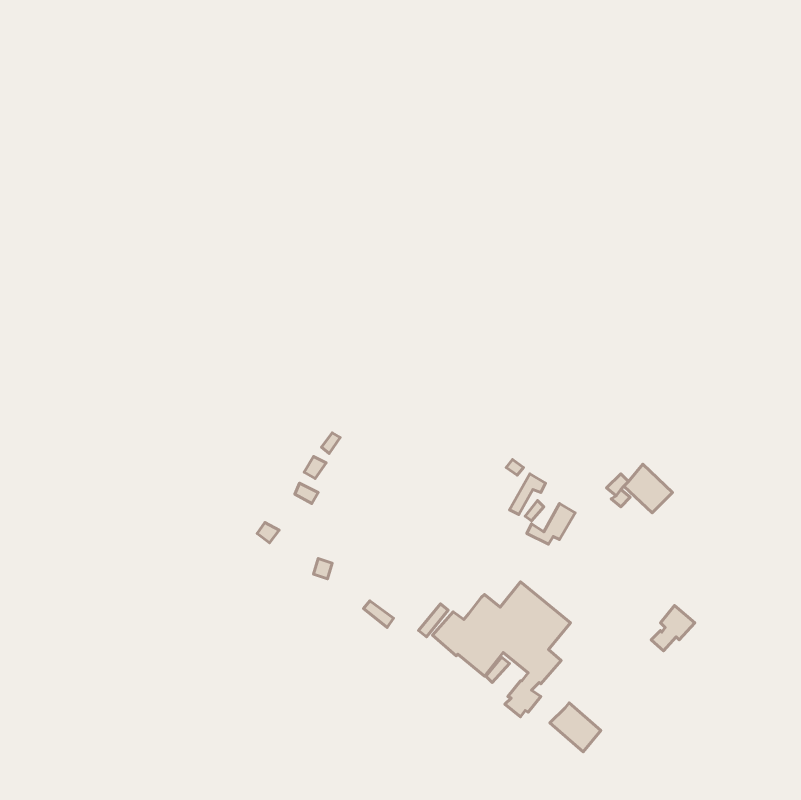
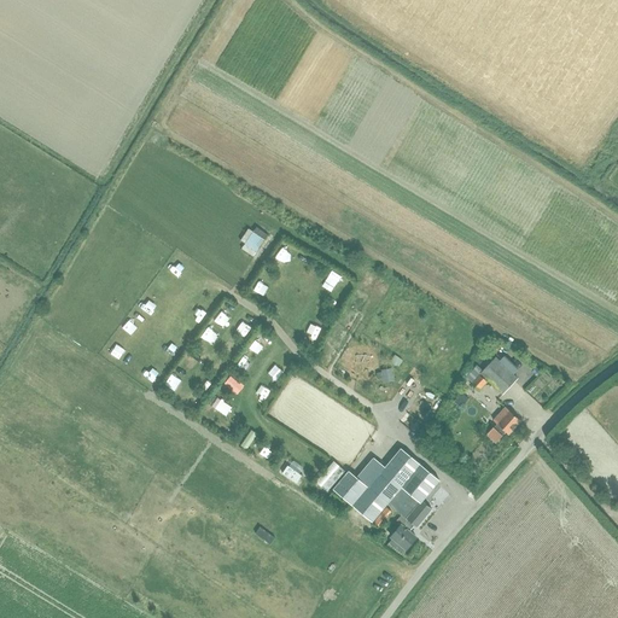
building: [651,605,695,651] -> [484,407,518,442]
building: [550,703,601,752] -> none

